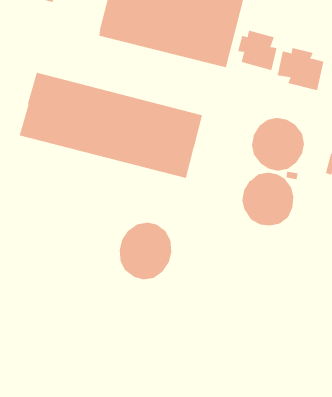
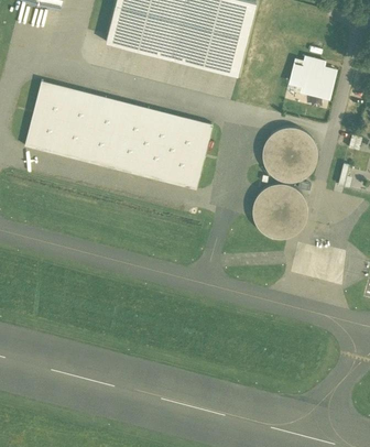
building: [238,30,277,71] -> none
building: [119,222,172,280] -> none

